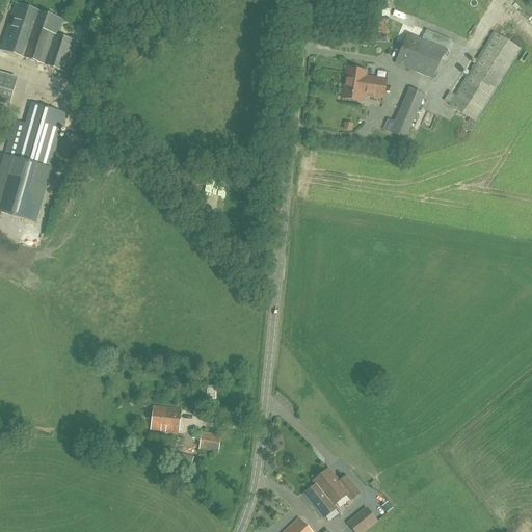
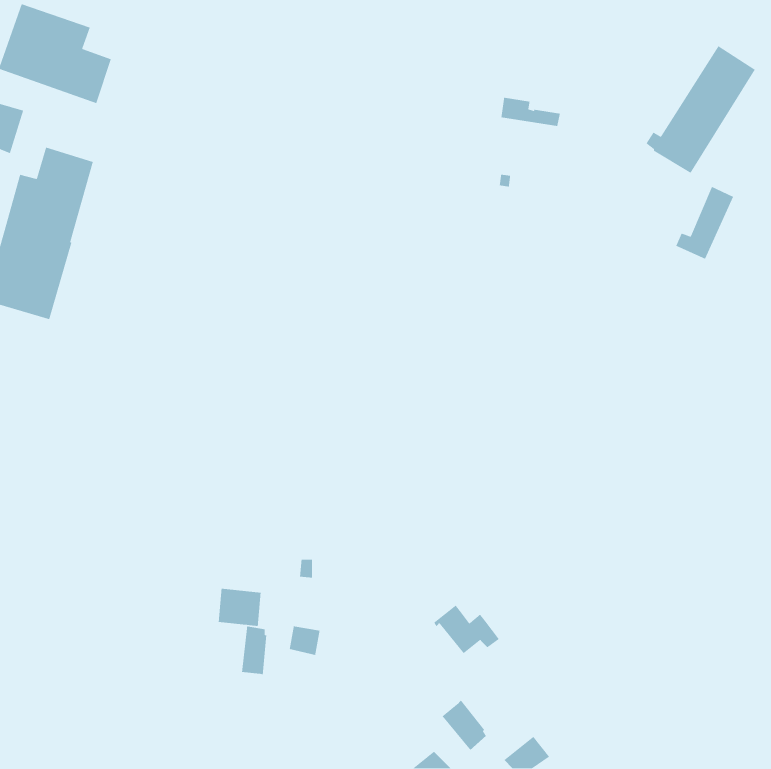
building: [395,31,445,77] -> none
building: [342,81,383,99] -> none
building: [383,86,424,137] -> [675,186,734,260]
building: none -> [241,626,267,675]
building: [313,468,358,502] -> [433,604,500,654]

